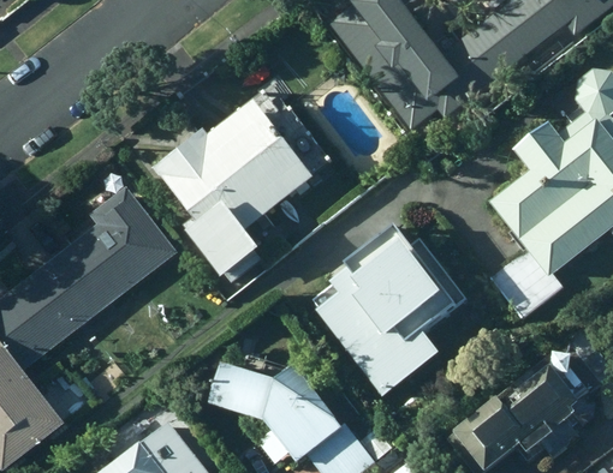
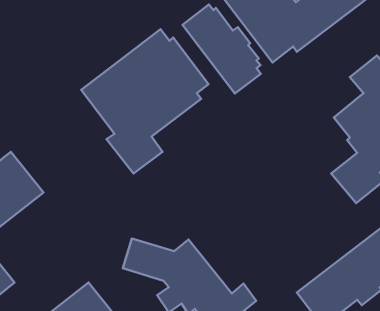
building: none -> [182,5,261,93]
building: [61,184,173,303] -> none
building: [310,222,468,397] -> none

